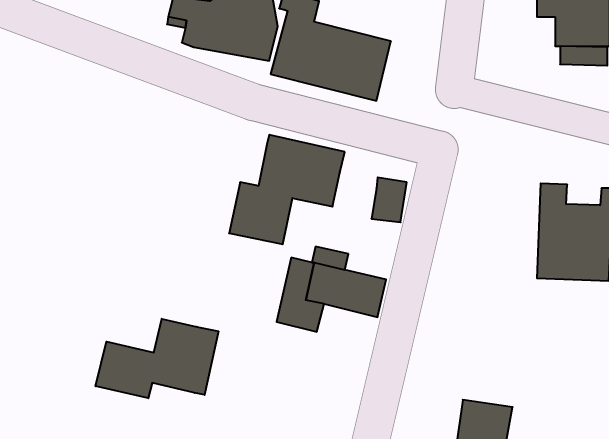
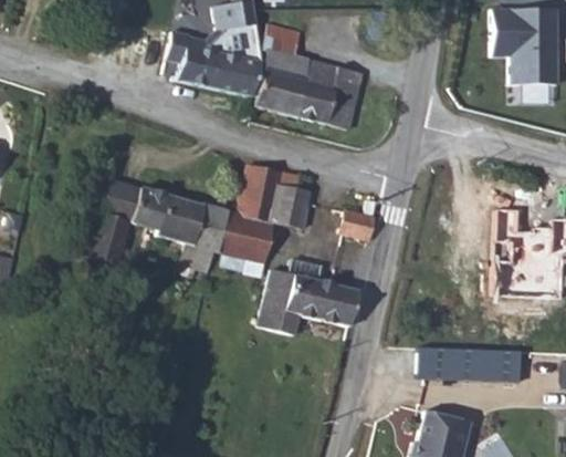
building: none -> [81,176,226,269]
building: [96,319,218,398] -> none
building: none -> [417,343,525,384]

